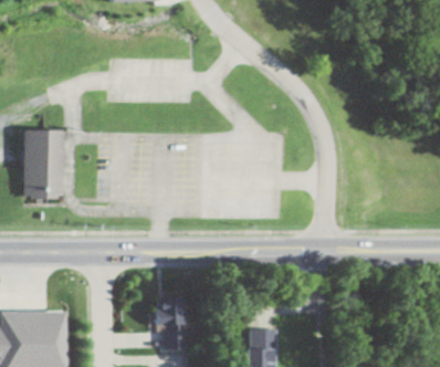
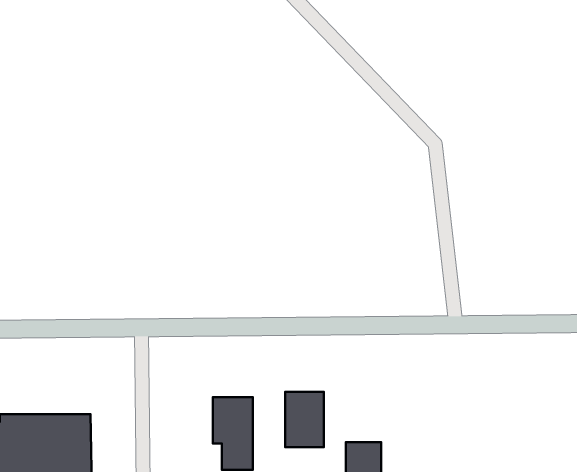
building: [23,127,63,197] -> none
building: none -> [285,392,324,447]

